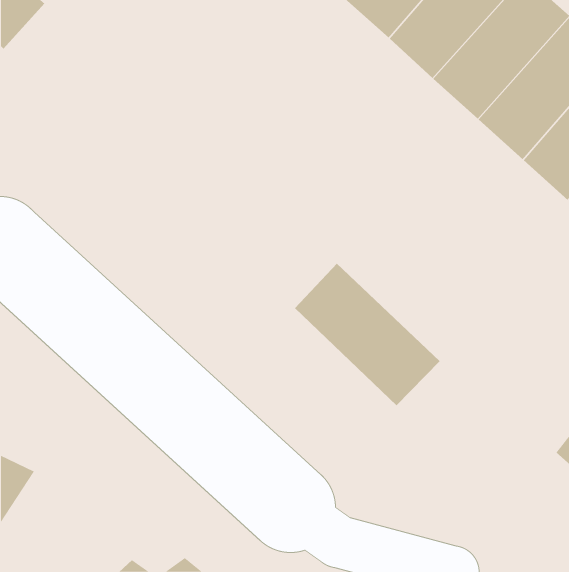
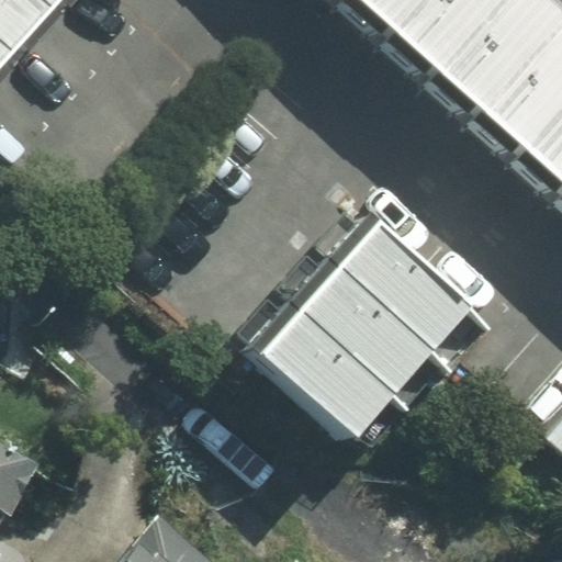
building: none -> [335,211,479,351]
building: none -> [250,300,393,440]

